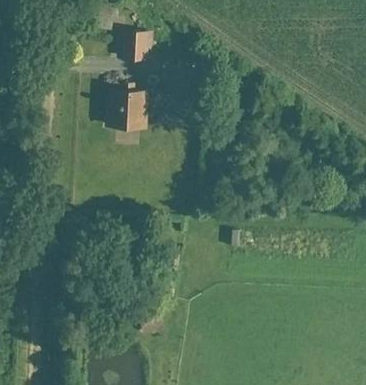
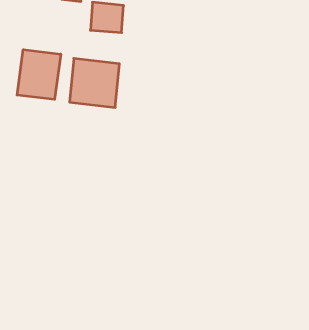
building: none -> [17,50,61,99]

